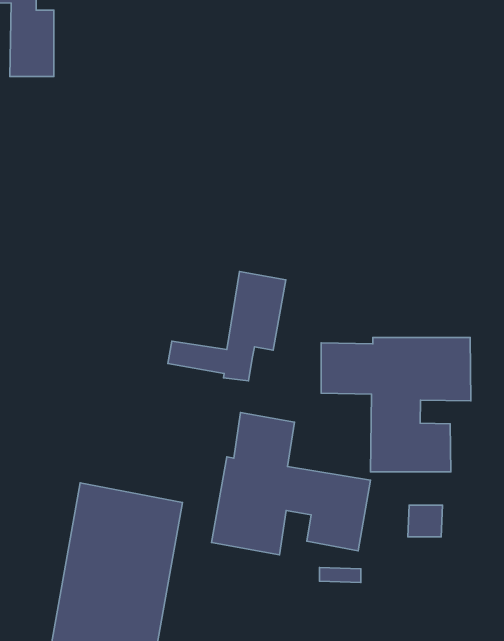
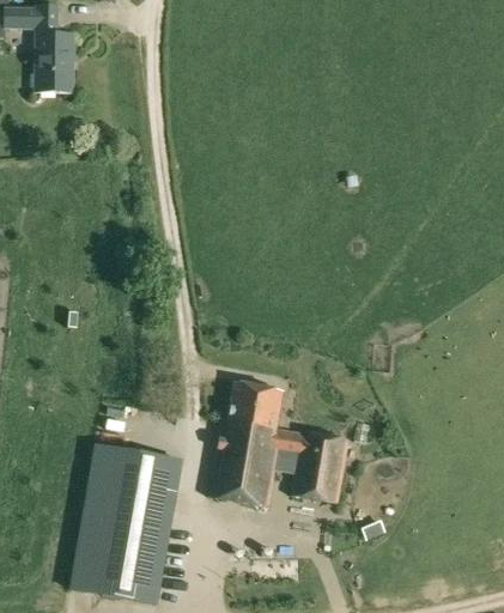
building: [168,271,286,381] -> none
building: [321,337,471,472] -> none

